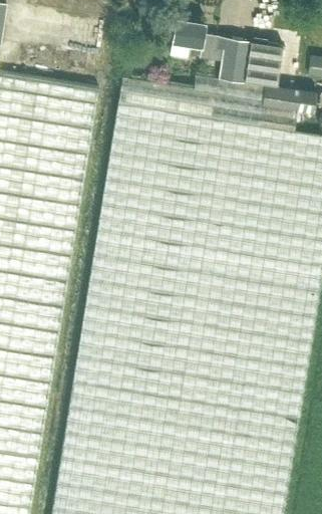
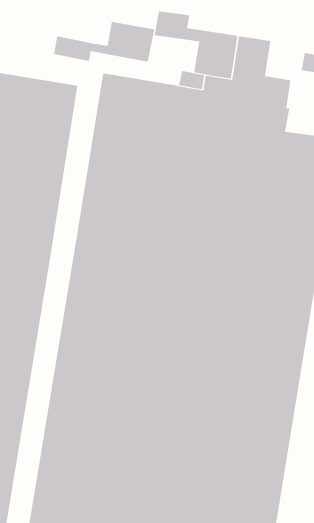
building: none -> [53,21,155,62]

